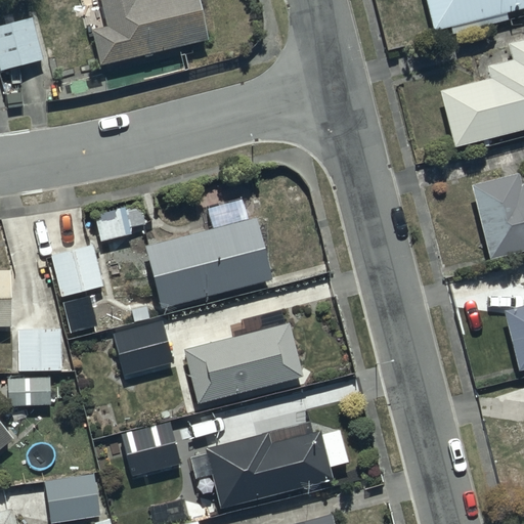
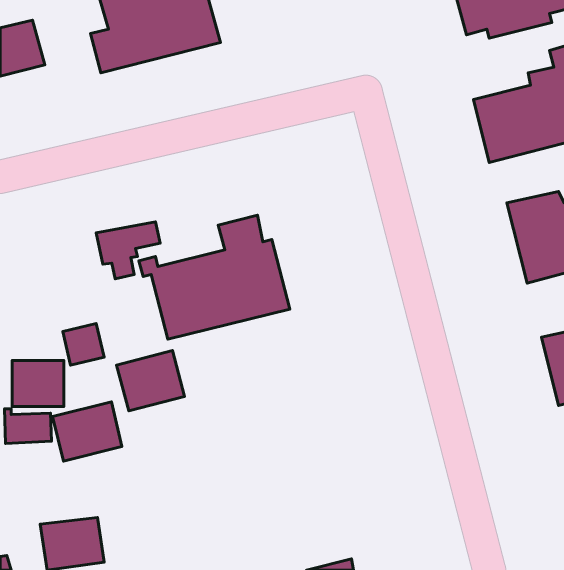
building: [53,246,106,298] -> none
building: [183,310,302,401] -> none
building: [204,419,349,509] -> none
building: [121,421,184,475] -> [52,402,122,461]

